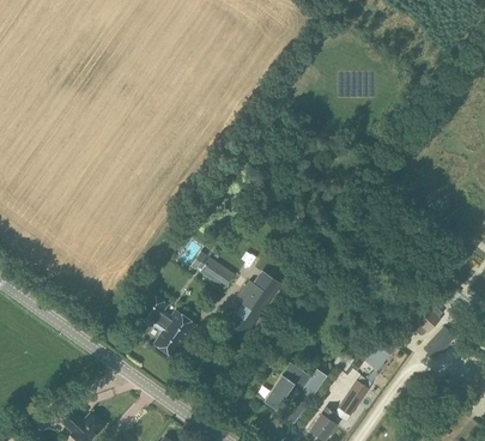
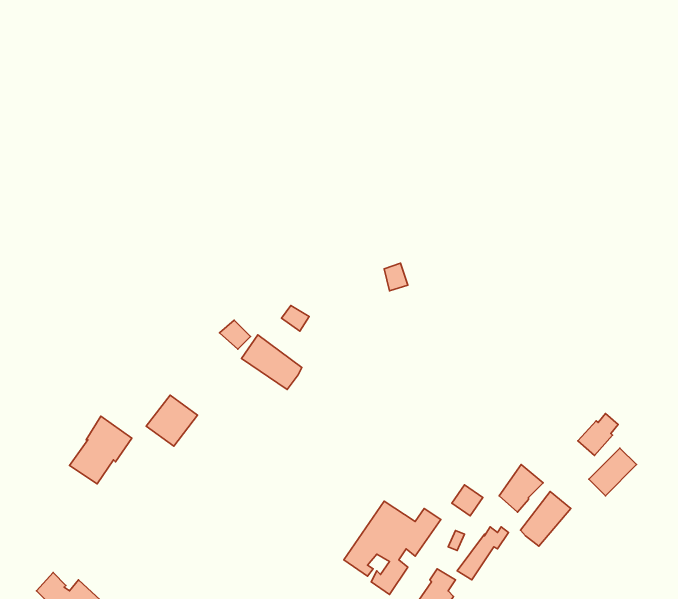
building: [220,282,271,354] -> none
building: [154,312,195,356] -> [70,416,132,484]
building: none -> [520,491,571,546]

